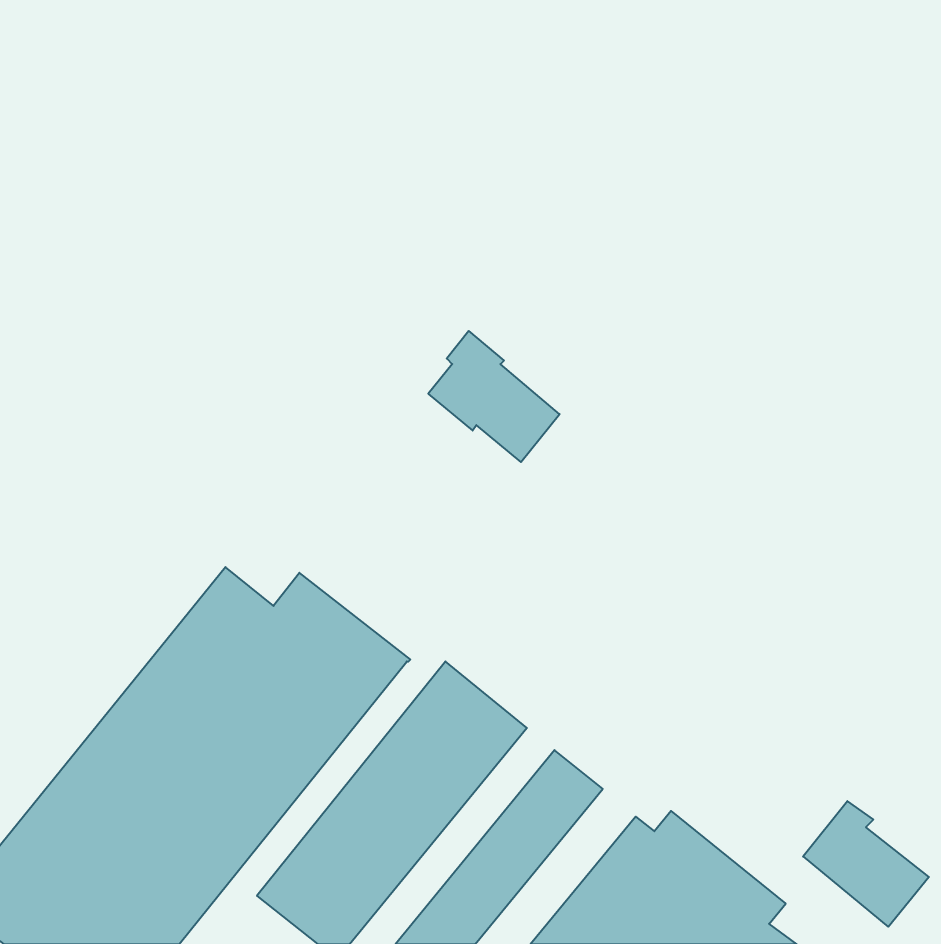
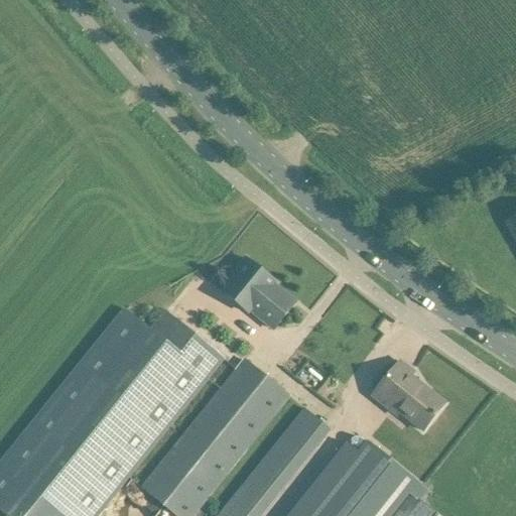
building: [428,331,560,462] -> [222,259,293,331]
building: [803,801,929,927] -> [374,363,442,431]

